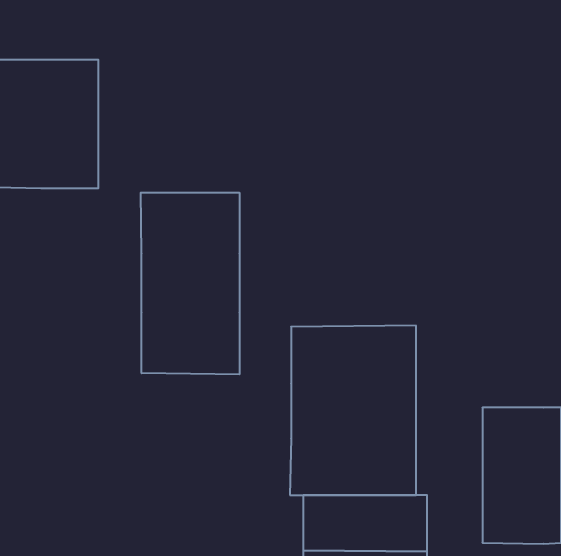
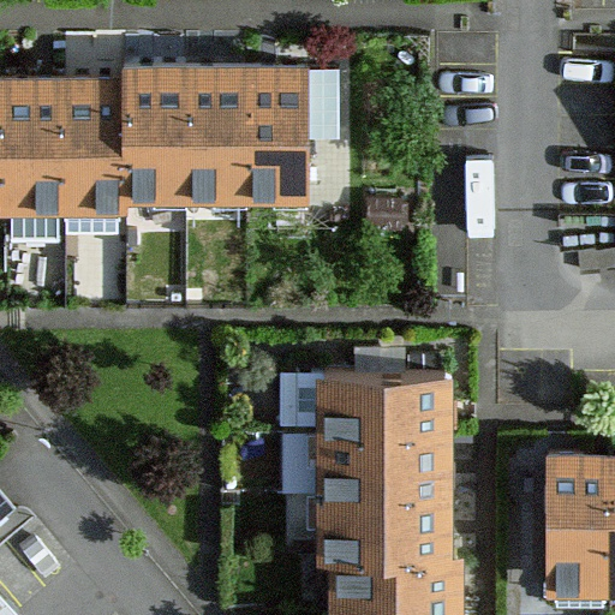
building: none -> [107,68,300,215]
building: [141,193,239,374] -> none

